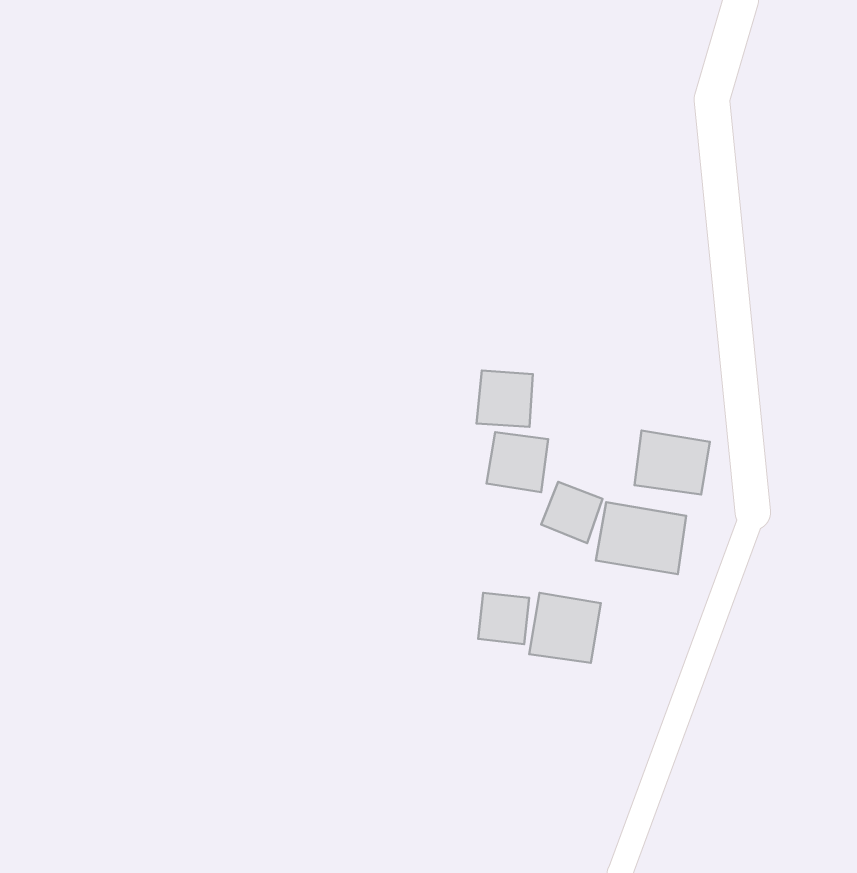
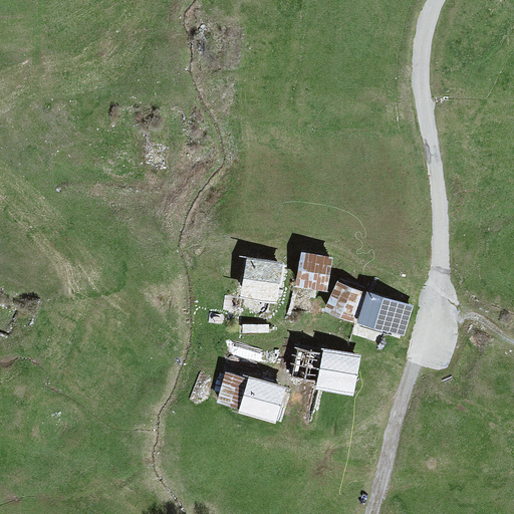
building: [477,371,533,427] -> [246,261,279,294]
building: [634,430,710,494] -> none
building: none -> [218,374,286,419]

